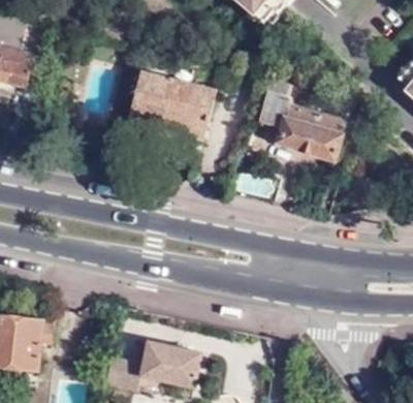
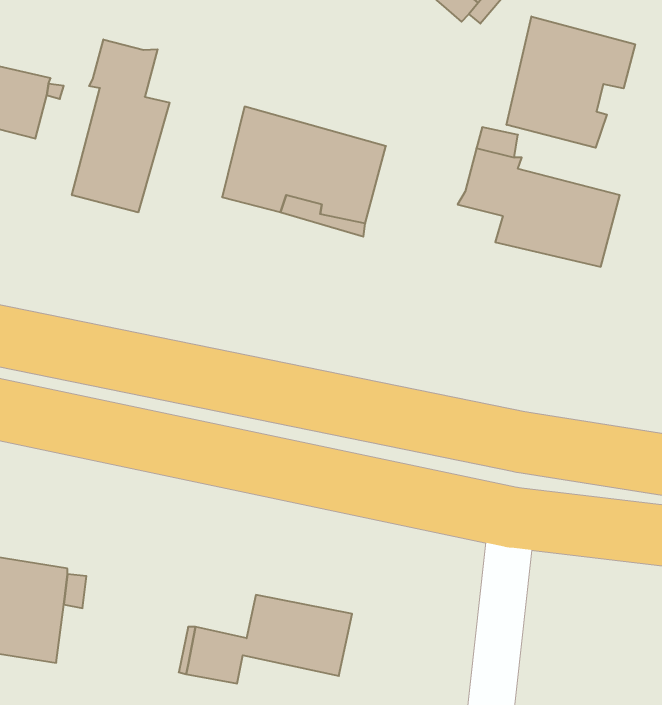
building: none -> [507,16,635,148]
building: none -> [72,39,170,212]

